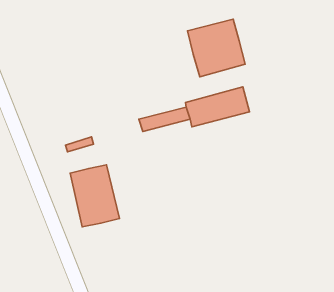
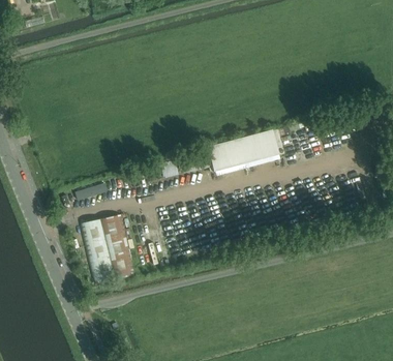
building: [187,19,245,77] -> none

